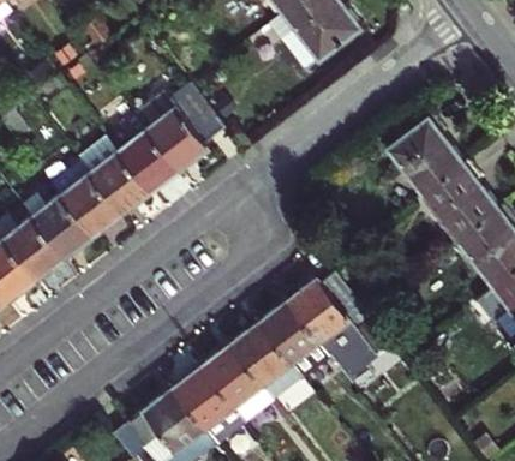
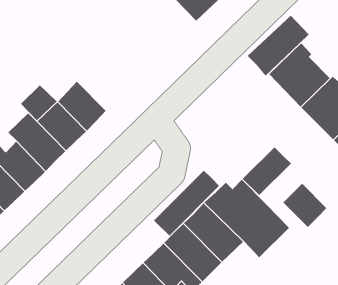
building: none -> [247,15,310,76]
building: [134,83,224,169] -> none
building: none -> [242,147,292,196]
building: none -> [153,170,220,237]
building: none -> [283,183,327,228]

